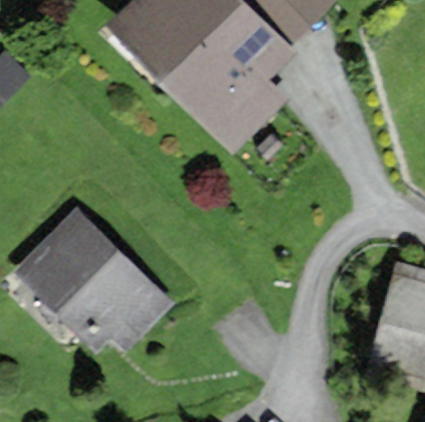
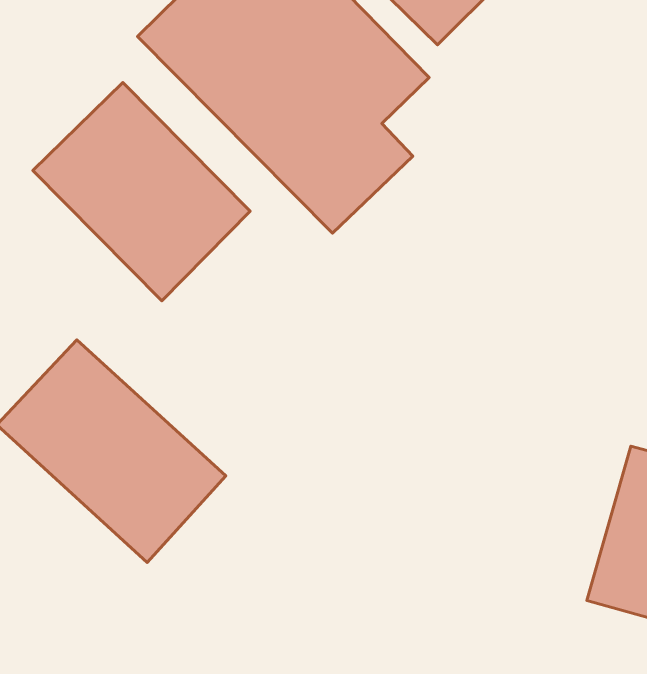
building: none -> [33,82,250,301]

